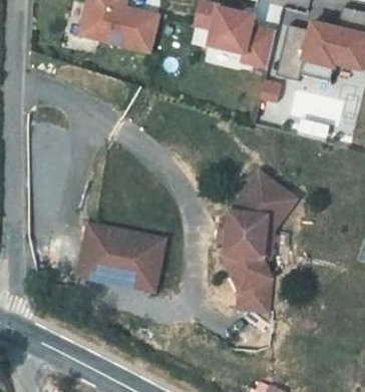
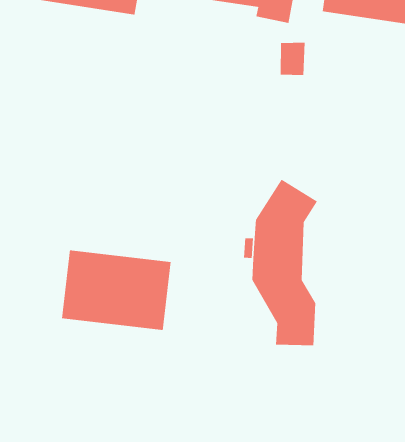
building: [252,171,295,260] -> none

